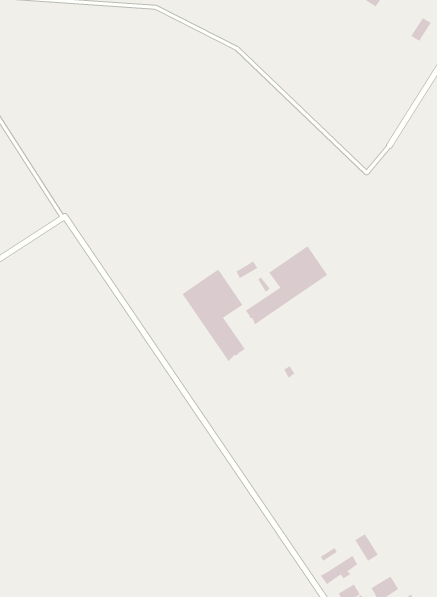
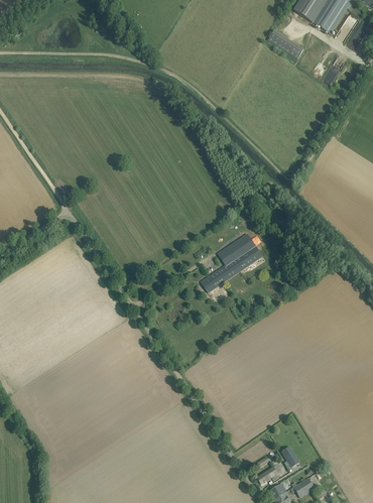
building: [181,268,246,362] -> none

